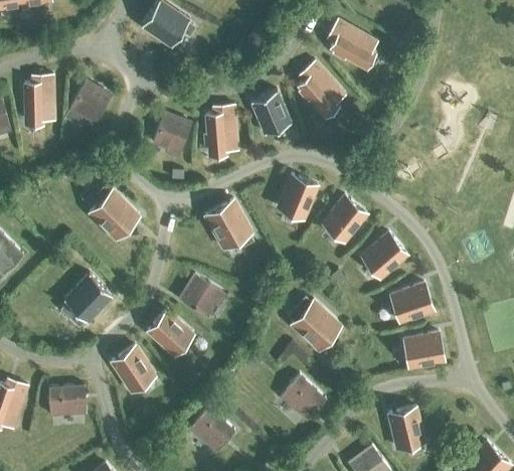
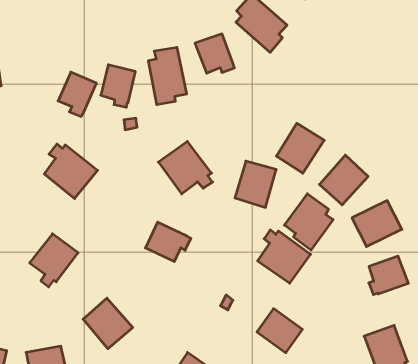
building: [69,82,110,127] -> [58,72,96,116]
building: [274,173,318,221] -> [235,161,276,207]
building: none -> [284,194,333,250]
building: [145,308,195,357] -> none

